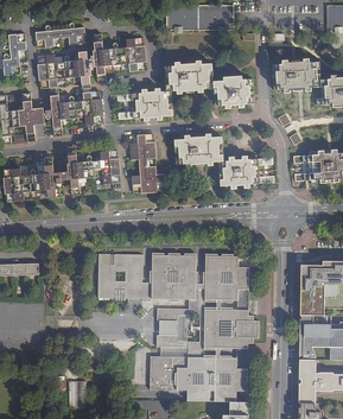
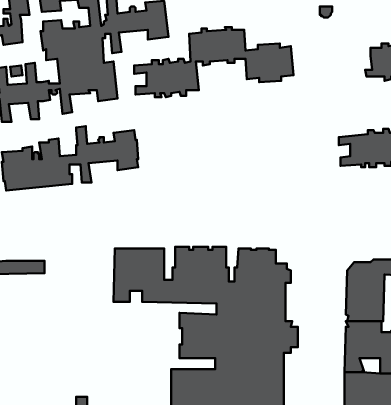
building: [272,58,320,91] -> none
building: [128,133,165,192] -> none
building: [173,133,272,189] -> none

